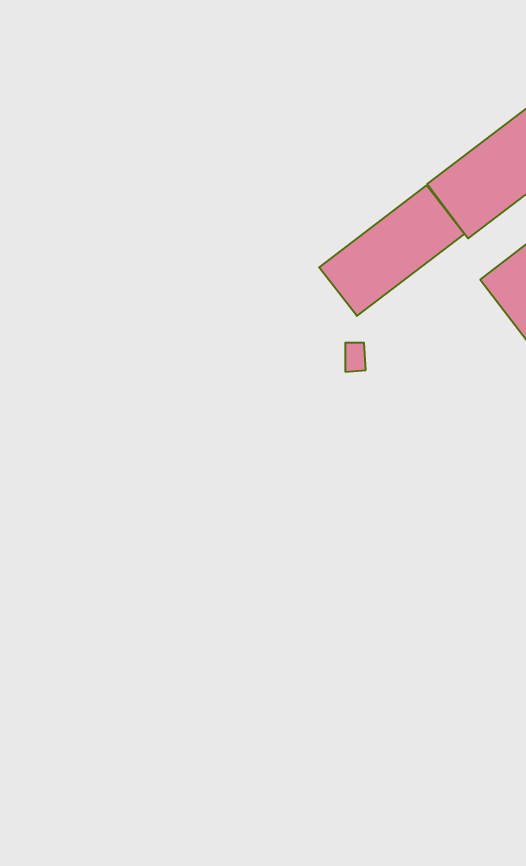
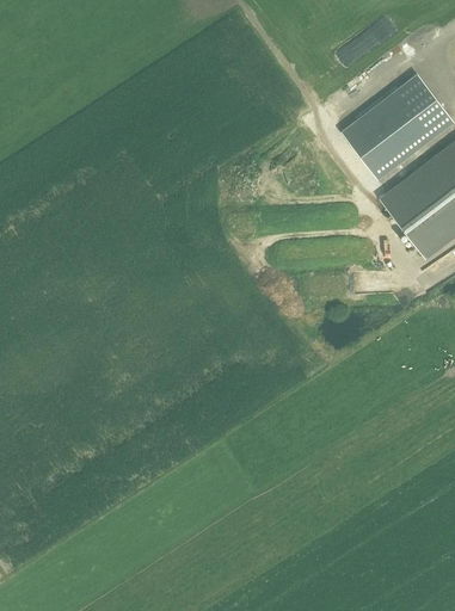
building: [319,185,464,316] -> none

